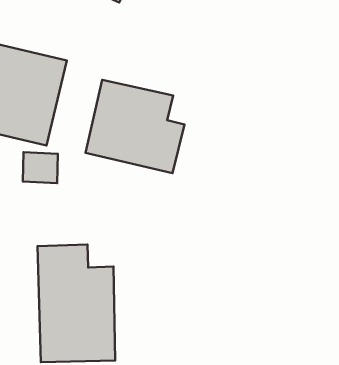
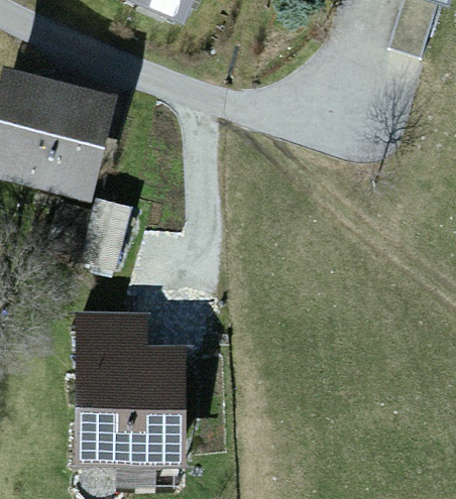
building: [85,80,184,173] -> none

